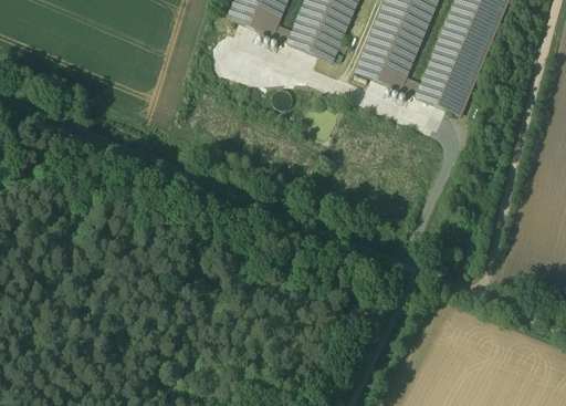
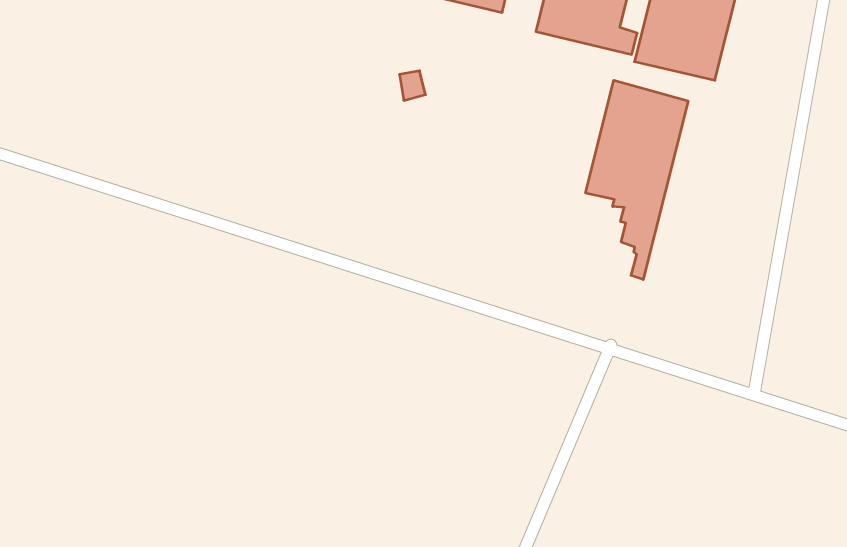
building: none -> [586,80,688,280]

